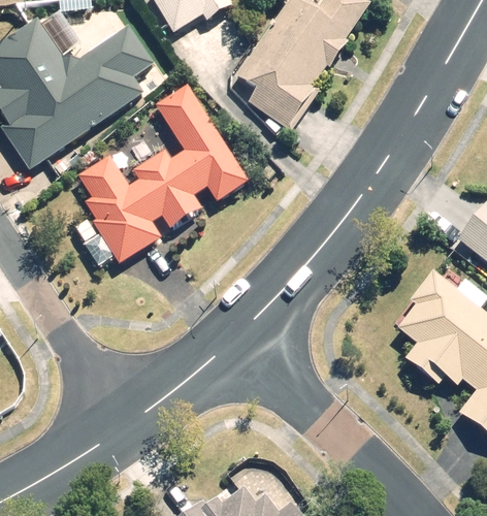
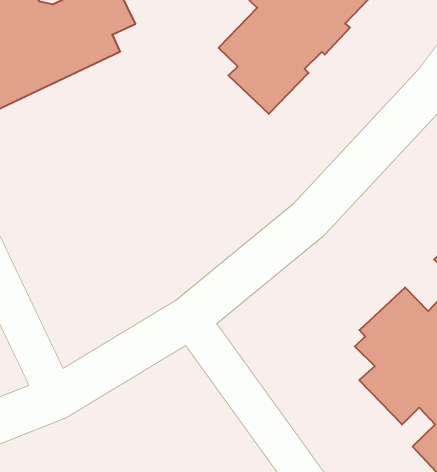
building: [76,85,249,263] -> none

